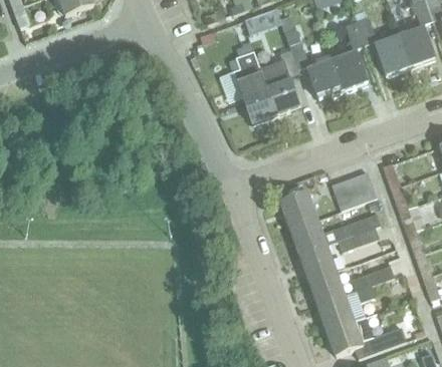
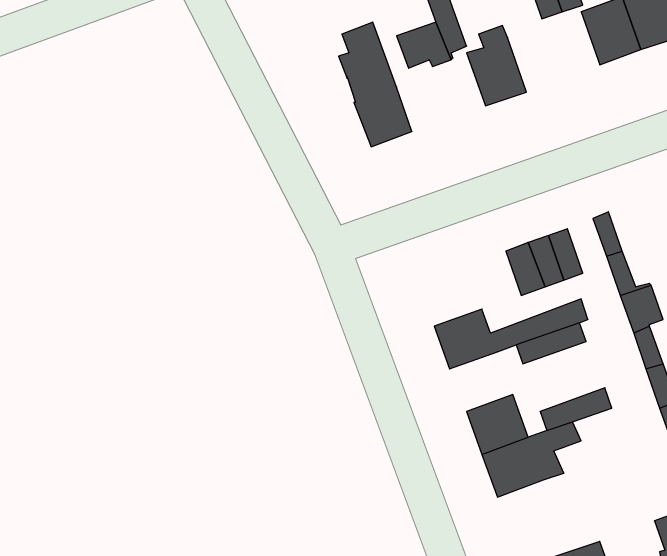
building: [330,47,369,91] -> none
building: [268,79,301,114] -> none
building: [281,193,318,229] -> none
building: [299,244,337,279] -> none
building: [327,315,408,358] -> none

